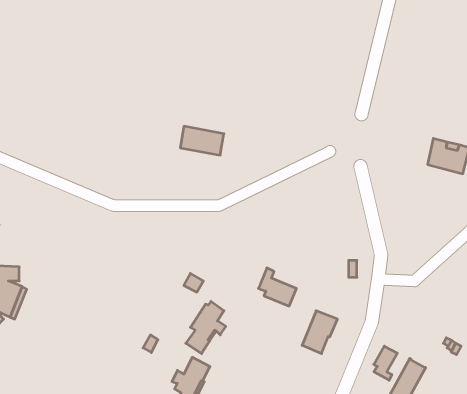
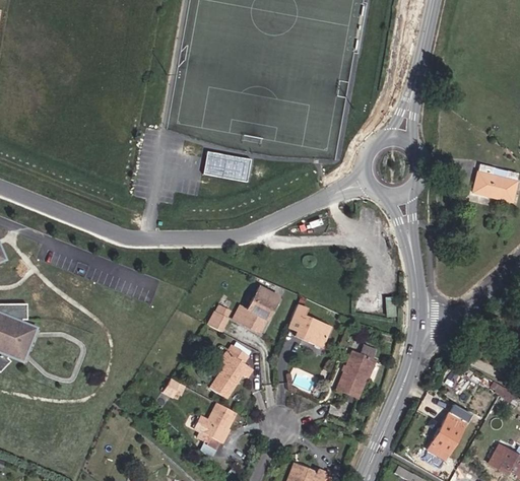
building: none -> [234,287,278,333]
building: [374,346,397,380] -> none

